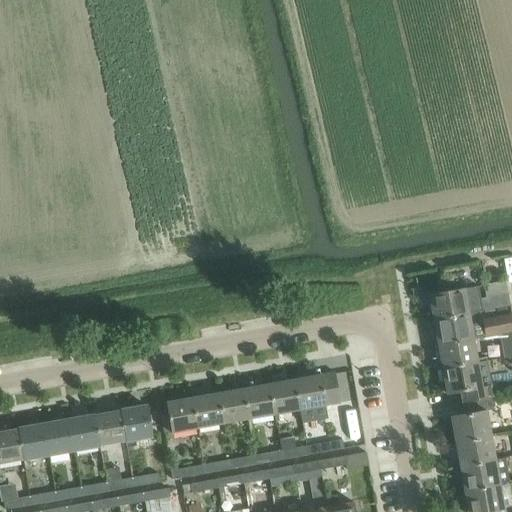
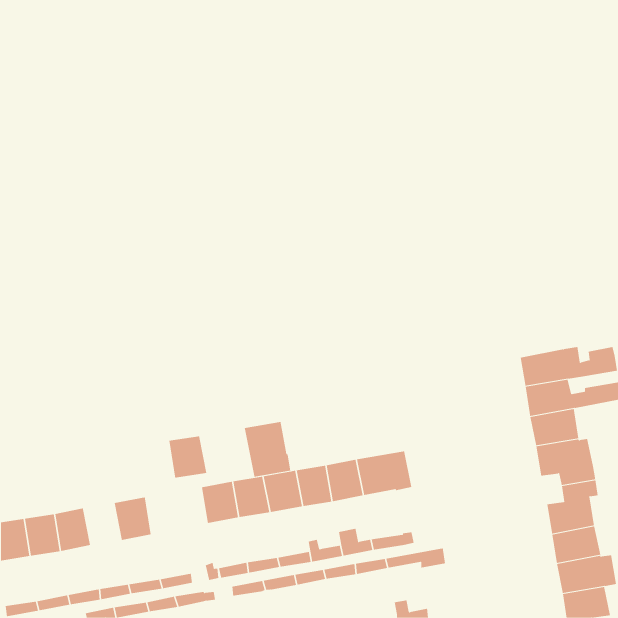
building: none -> [244,421,291,477]
building: [121,406,153,441] -> [168,436,207,478]
building: [70,415,101,450] -> none

